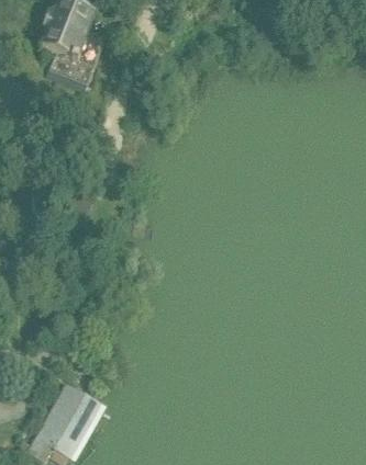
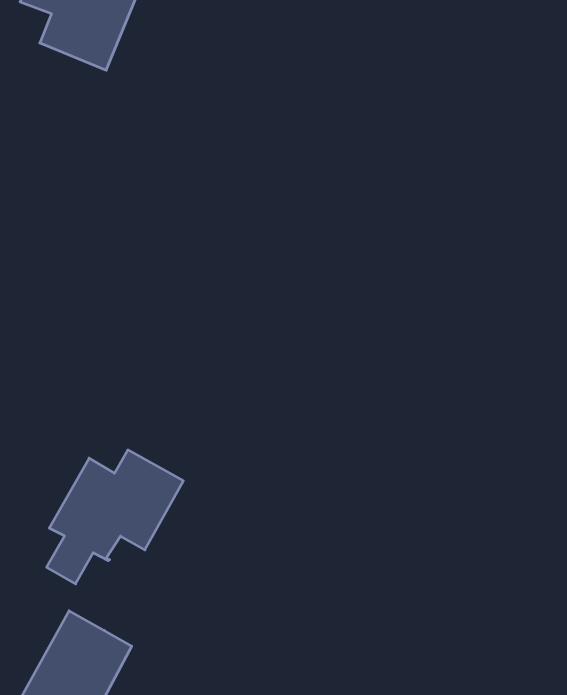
building: none -> [47,450,183,584]

